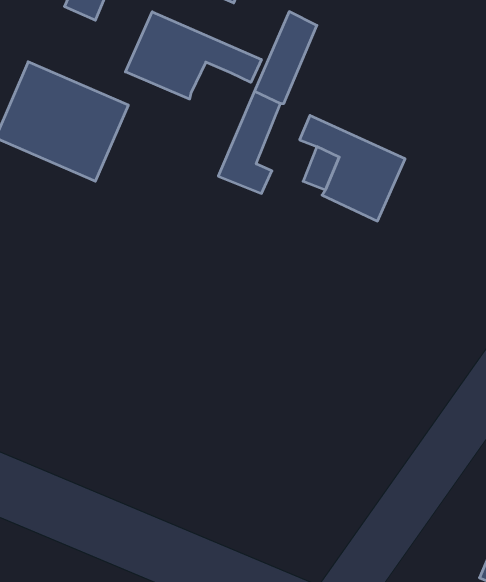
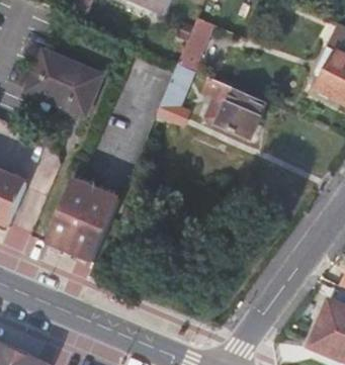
building: [125,12,261,99] -> none
building: none -> [51,169,123,252]

